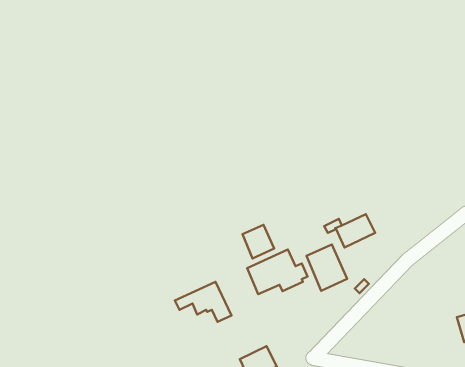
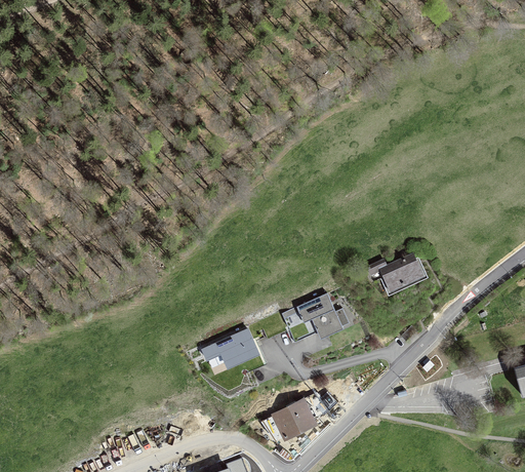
building: [243,225,274,258] -> none
building: [306,245,347,291] -> none

